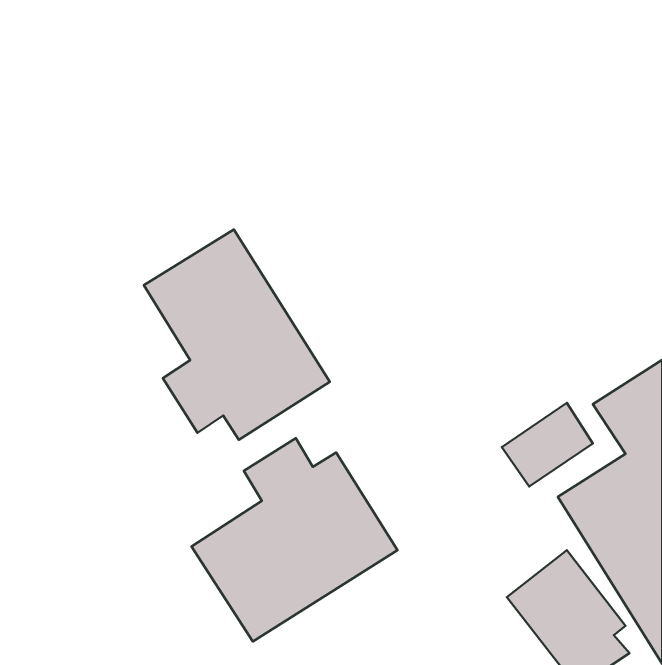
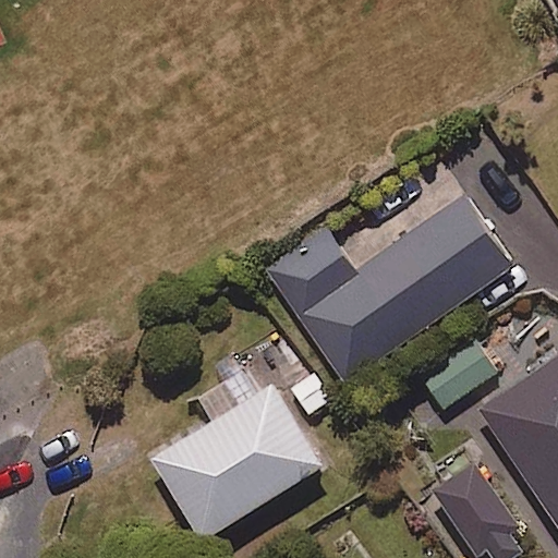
building: none -> [266,193,517,384]
building: [144,230,330,440] -> none

